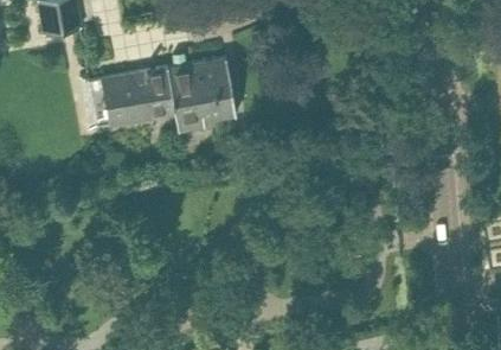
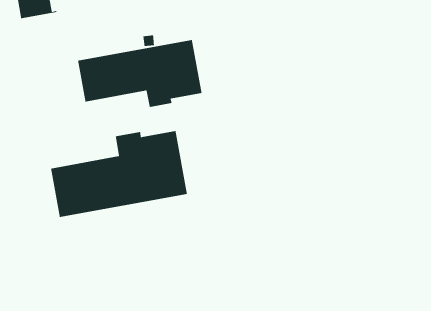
building: none -> [50,130,188,218]

